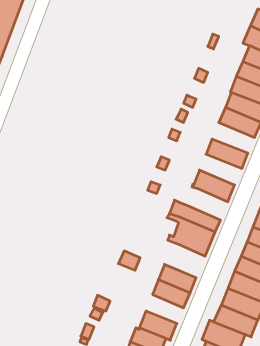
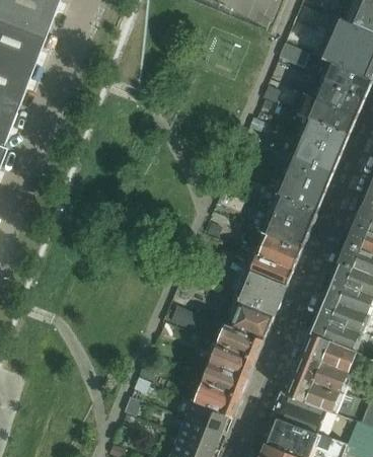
building: none -> [285,151,337,188]
building: none -> [270,189,321,227]
building: none -> [245,226,304,270]
building: none -> [229,299,277,339]
building: none -> [205,360,250,395]

